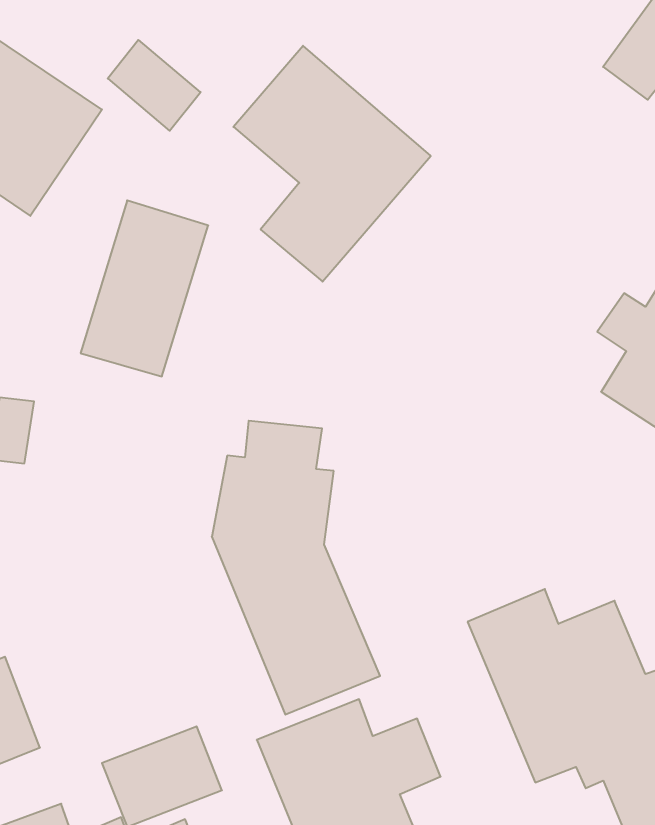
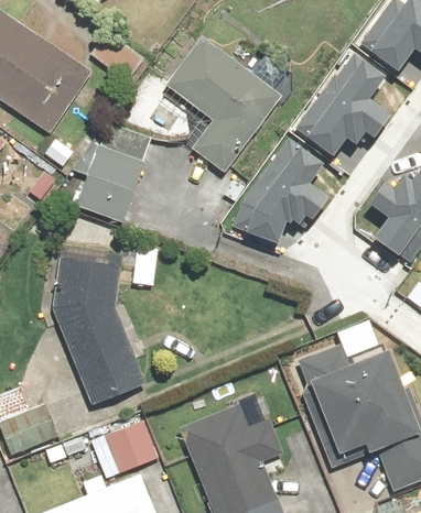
building: none -> [303,48,391,144]
building: none -> [234,131,331,238]
building: [212,421,380,715] -> [50,238,145,405]

